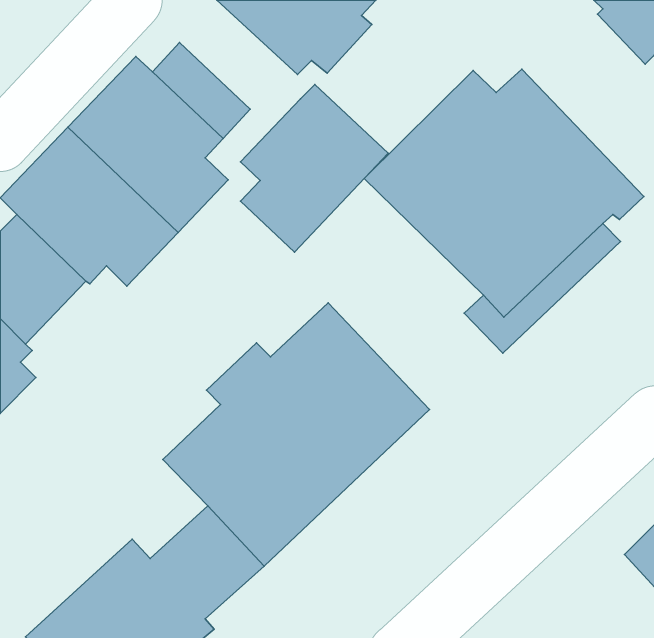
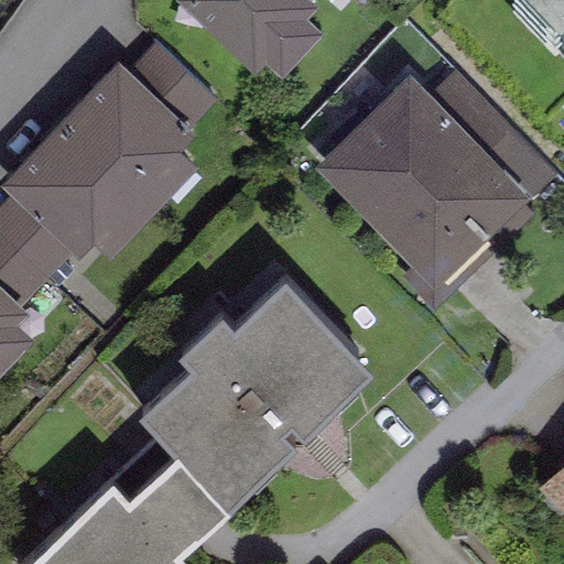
building: [240,84,388,252] -> none

